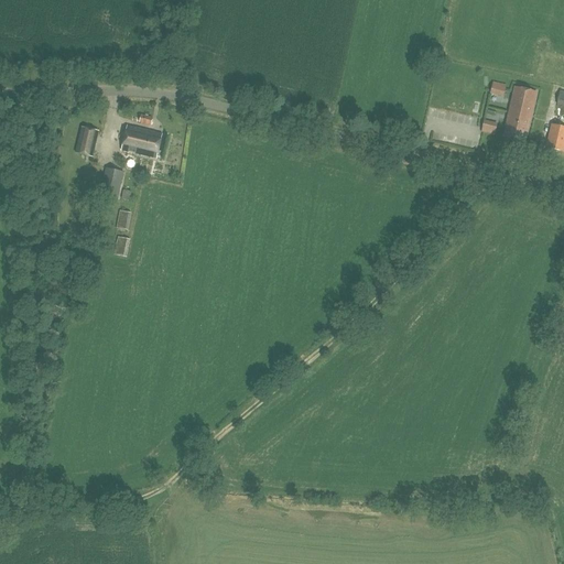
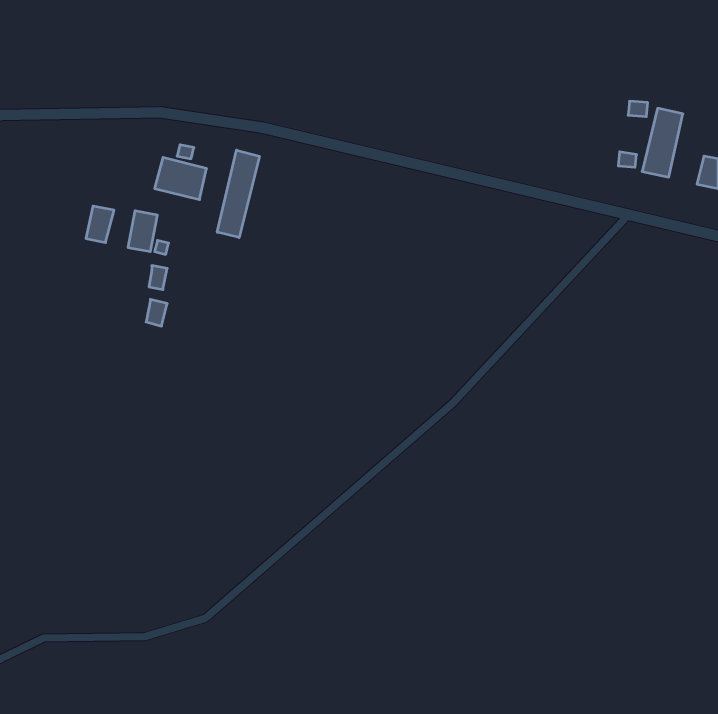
building: none -> [217,150,259,238]
building: [76,126,98,154] -> [86,206,114,243]

